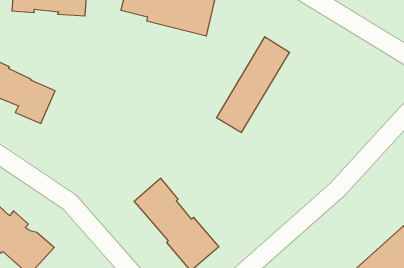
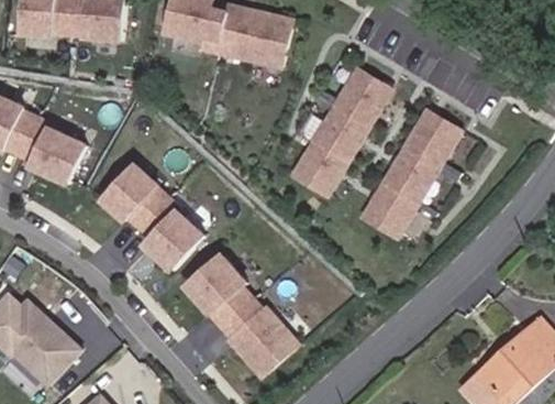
building: none -> [363,109,460,237]
building: none -> [101,164,201,269]

